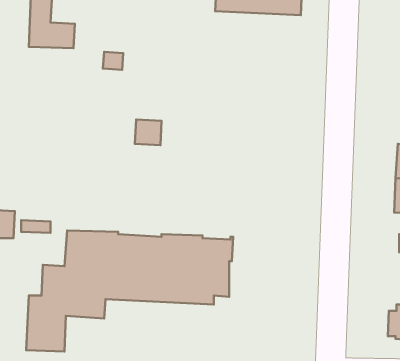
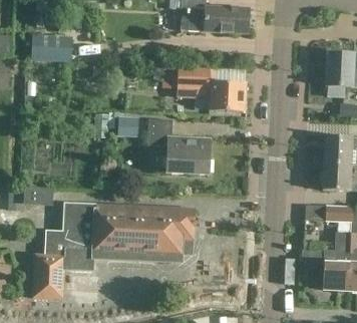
building: none -> [176,64,246,113]
building: none -> [148,119,210,175]

